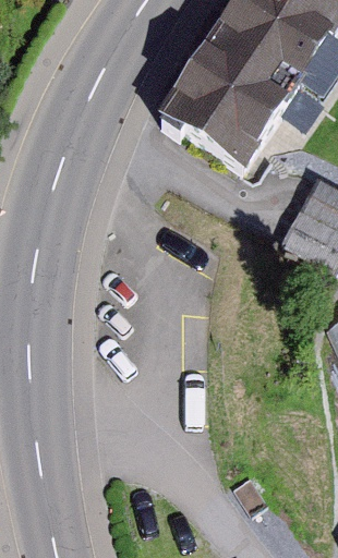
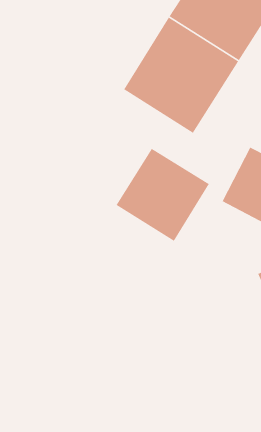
building: none -> [115,148,210,242]

